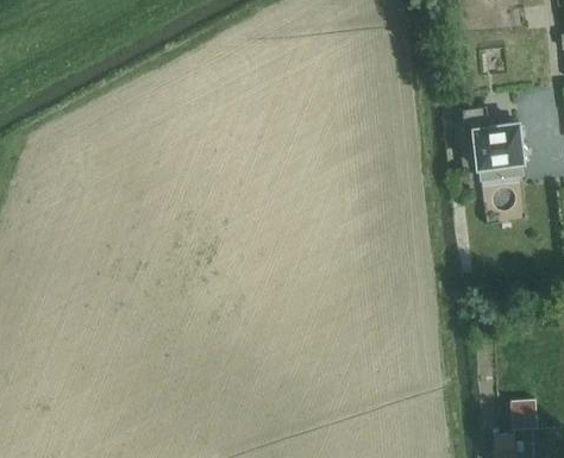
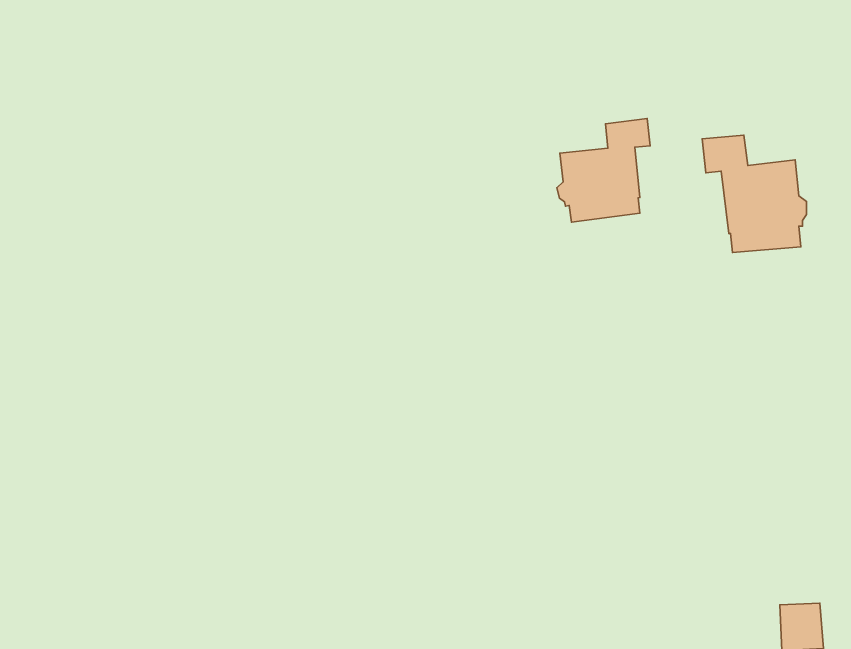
building: none -> [557,118,650,222]

